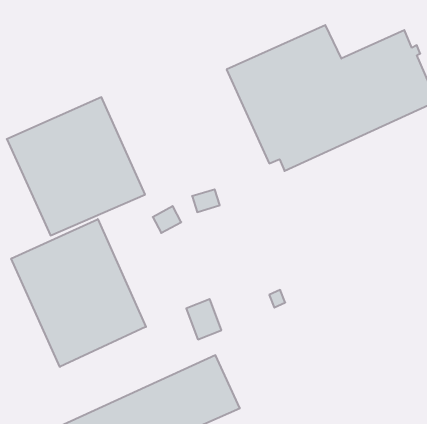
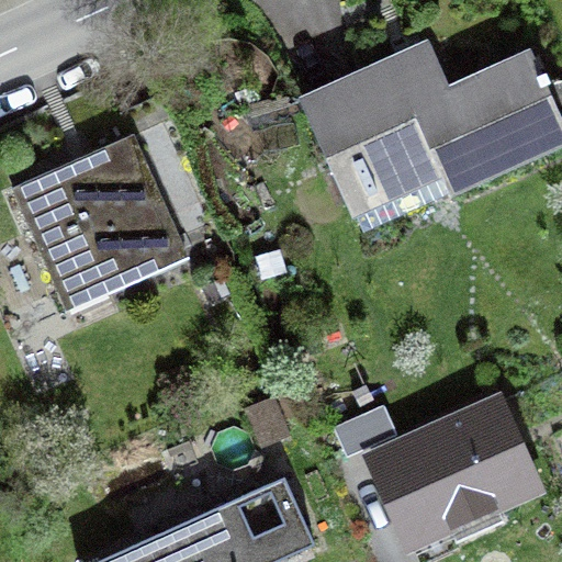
building: [11,219,146,367] -> none
building: none -> [336,391,549,553]

